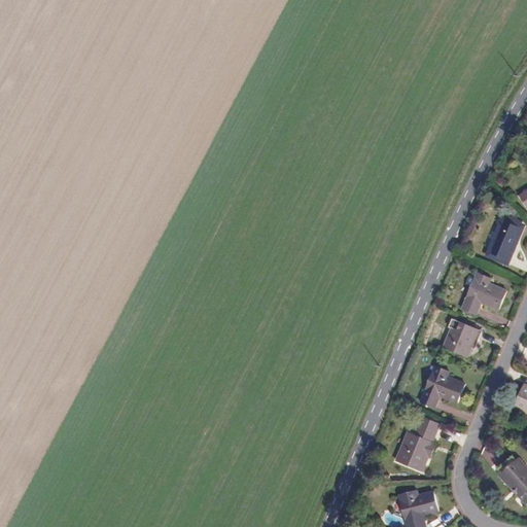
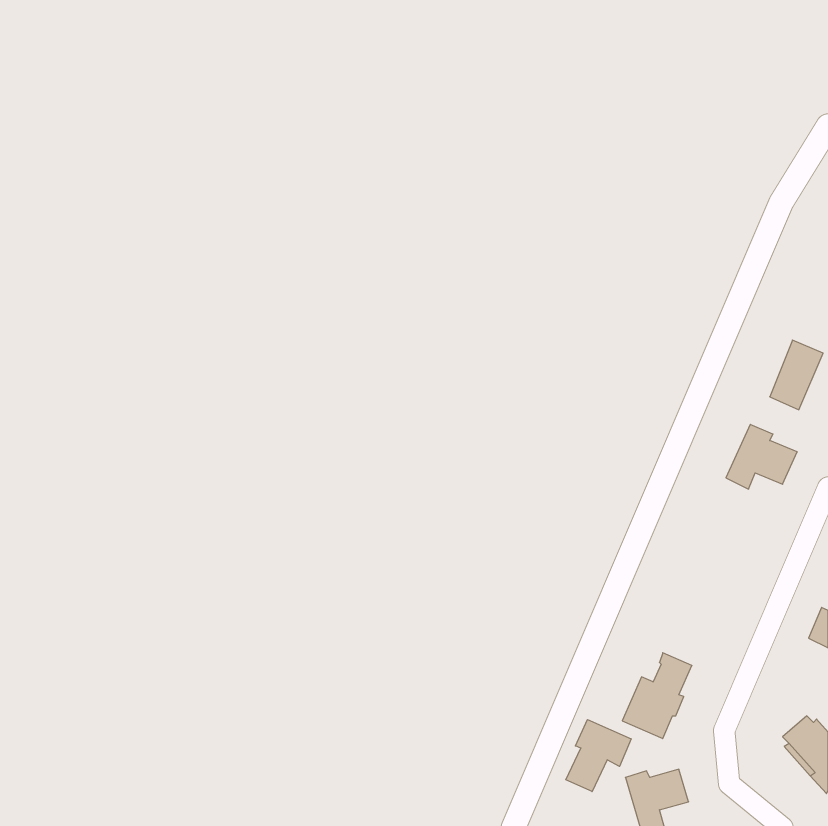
building: [442,323,482,356] -> none
building: [420,365,466,408] -> none
building: none -> [566,720,631,792]

